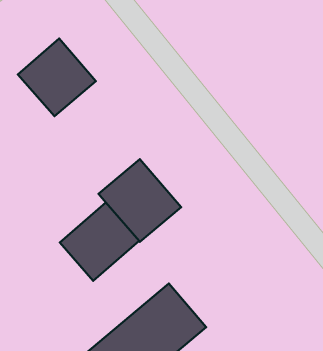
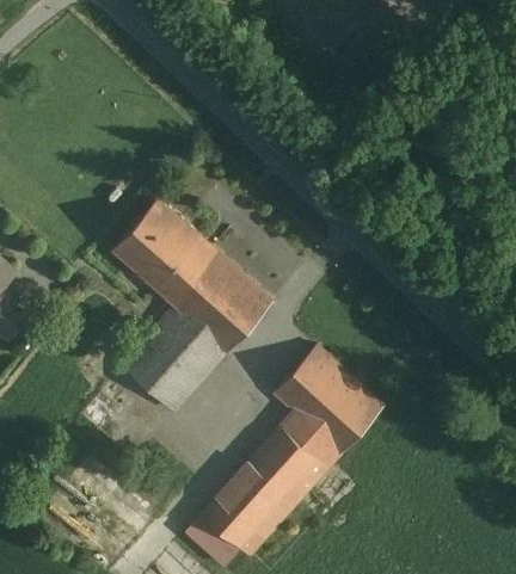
building: [18,39,96,116] -> [119,205,220,304]
building: none -> [263,341,377,455]

